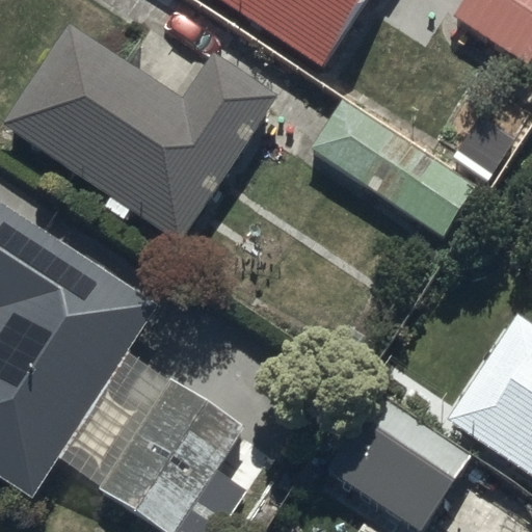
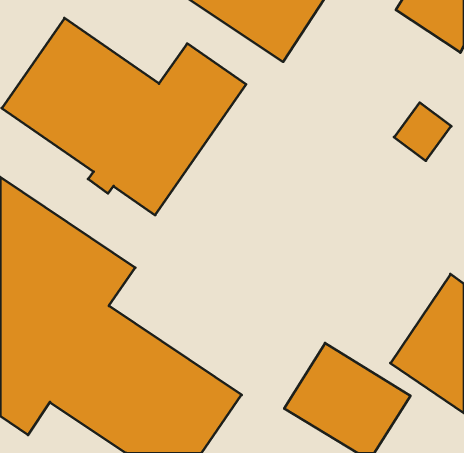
building: [310,97,479,239] -> none

